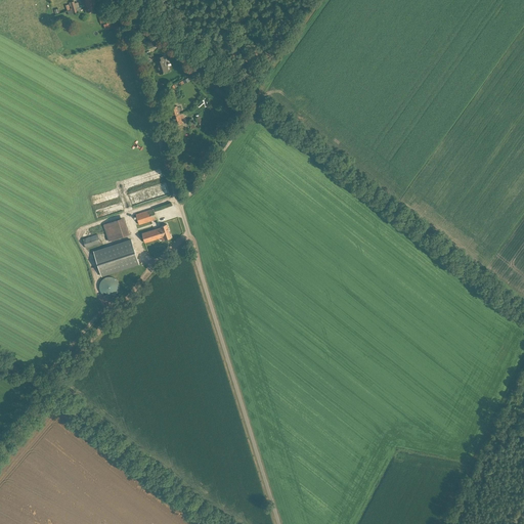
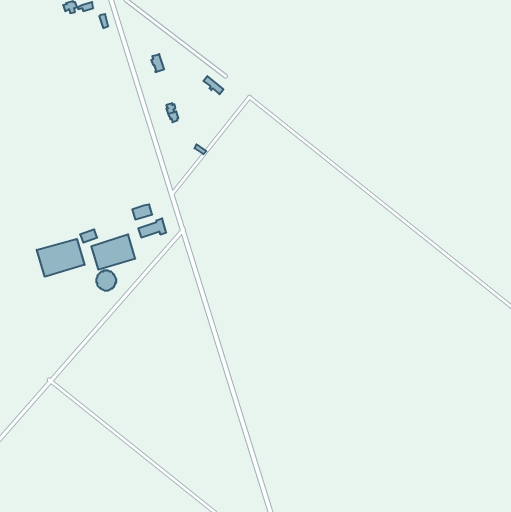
building: [102,217,129,242] -> none
building: none -> [37,239,85,277]

